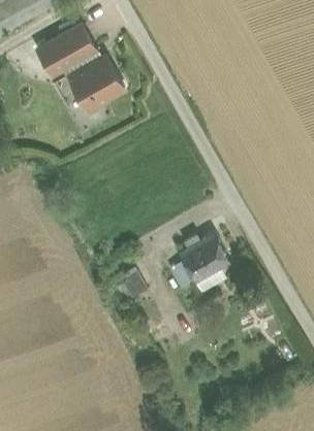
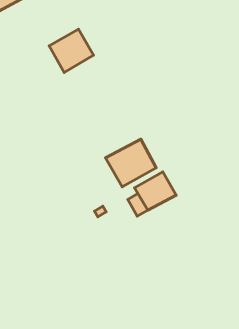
building: [40,27,95,72] -> none
building: none -> [106,139,156,187]

